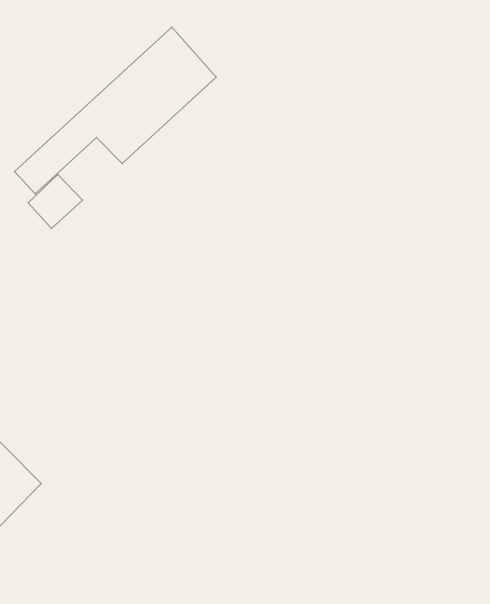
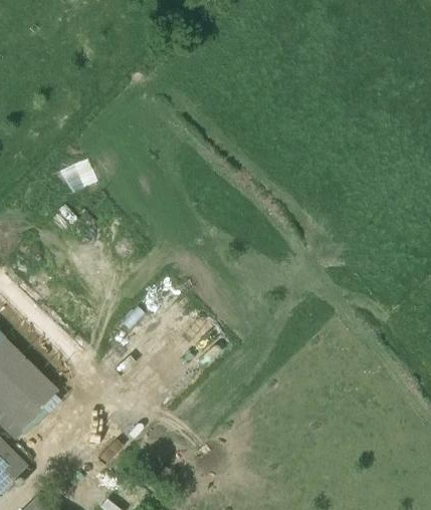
building: [15,27,216,194] -> none

